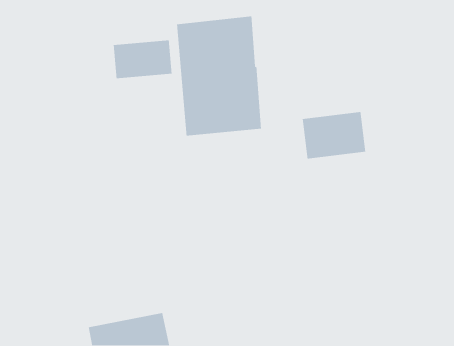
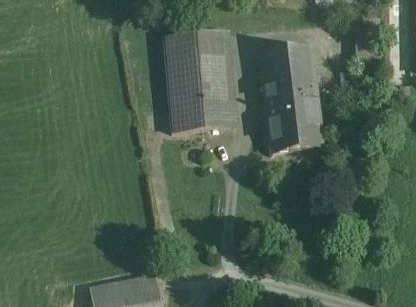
building: none -> [261,46,318,116]
building: [113,40,173,79] -> none

